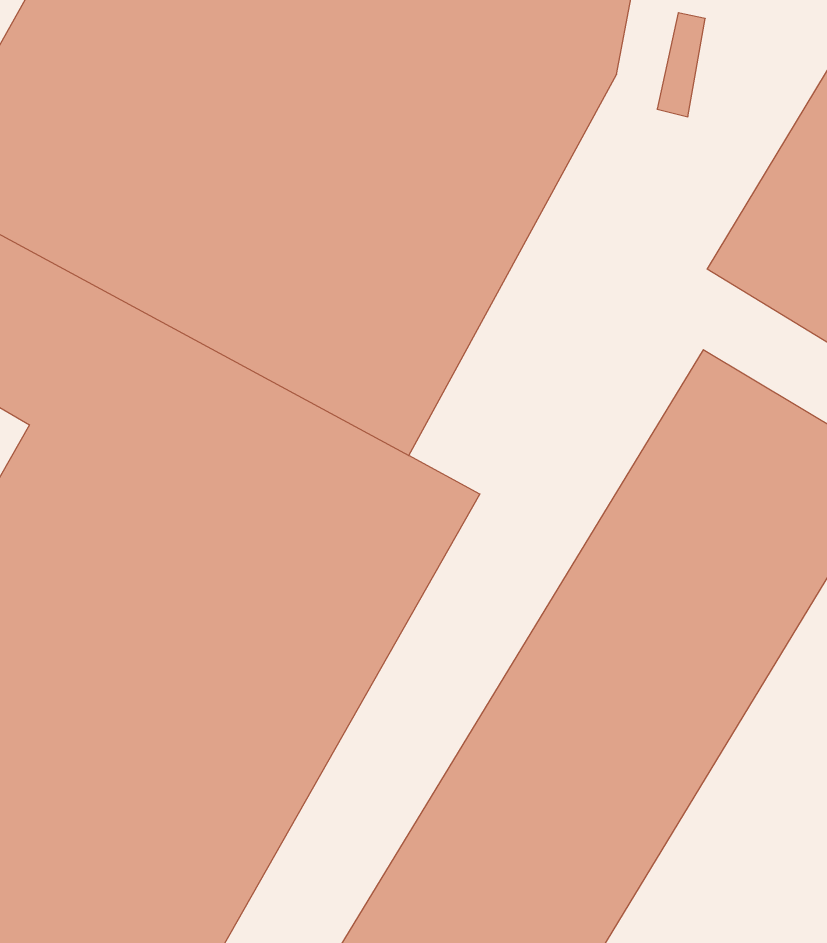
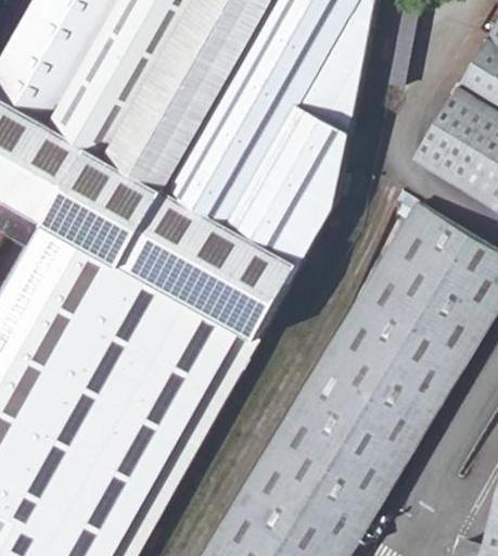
building: none -> [250,47,367,283]

